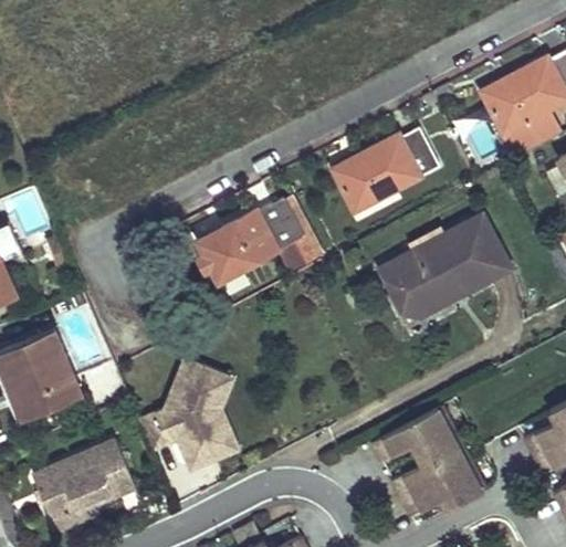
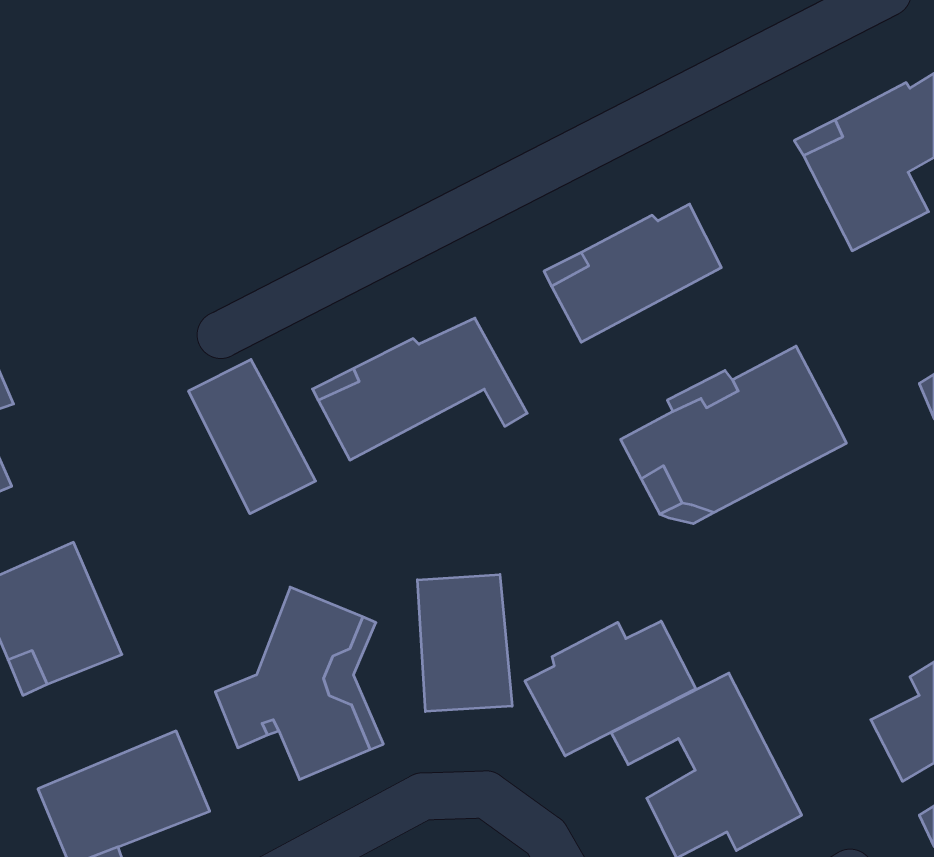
building: none -> [189,359,316,514]
building: none -> [417,574,512,712]
building: none -> [525,621,696,756]

